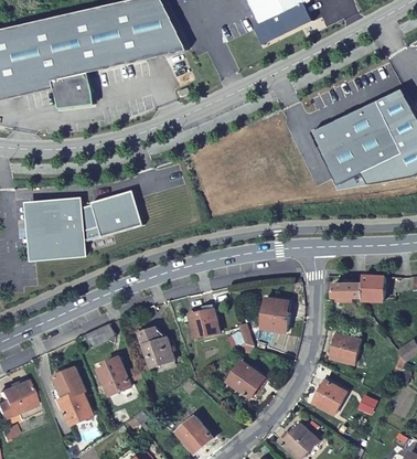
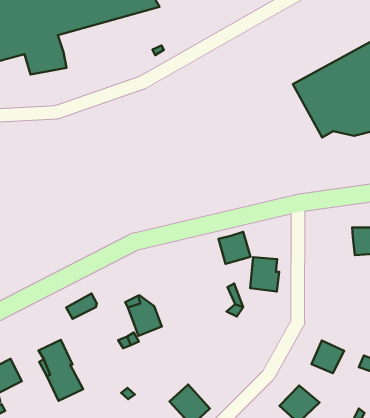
building: [32,190,143,258] -> none
building: [331,281,366,312] -> none
building: [188,306,217,335] -> [219,232,250,264]
building: [327,331,359,361] -> none
building: [97,355,129,392] -> none
building: [227,361,264,397] -> none

